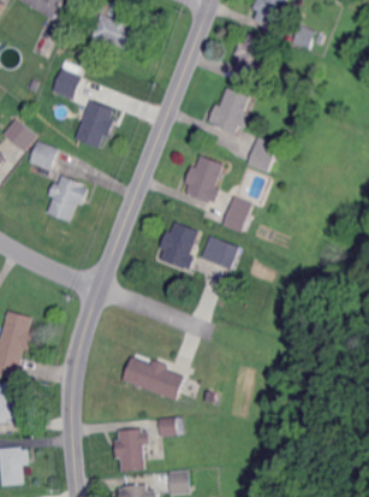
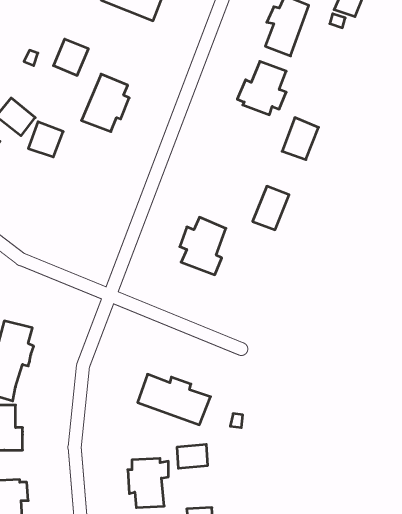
building: [184,155,224,205] -> none
building: [46,176,87,221] -> none
building: [201,235,238,268] -> none

